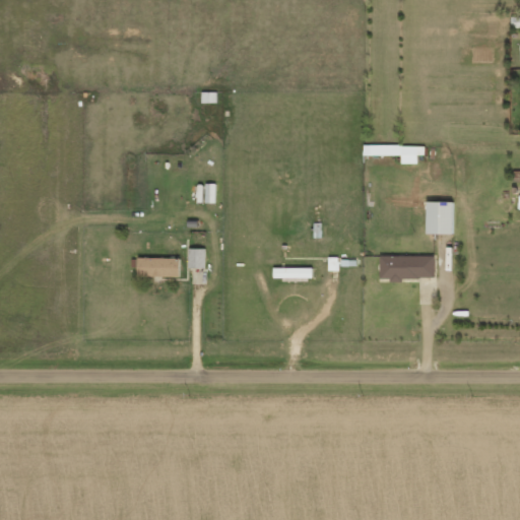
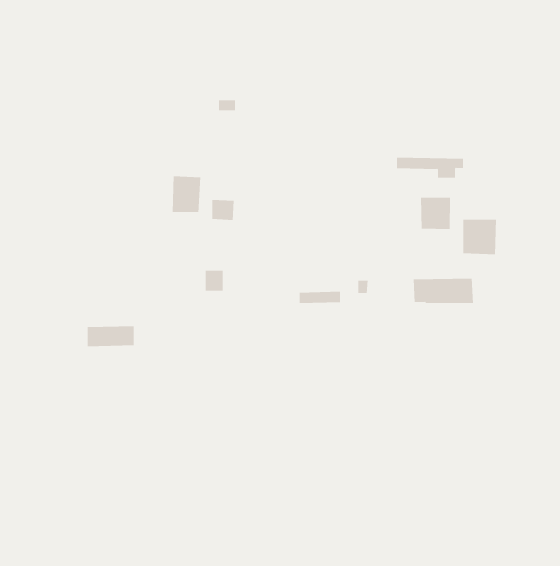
building: none -> [172,175,201,213]
building: none -> [421,197,451,230]
building: [137,257,181,276] -> [87,326,135,347]

